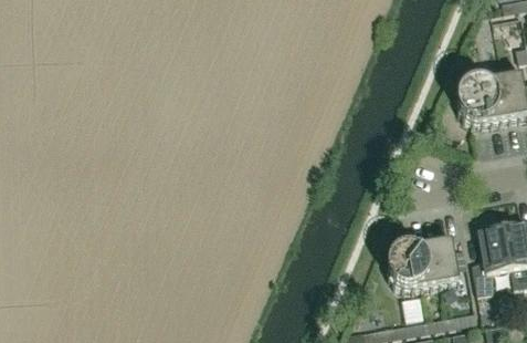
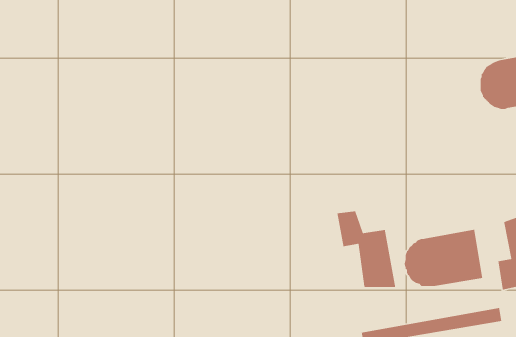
building: none -> [336,210,396,288]

